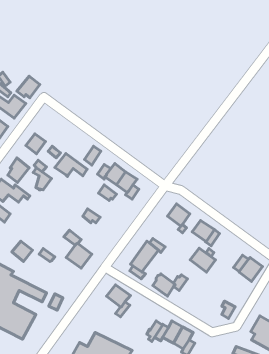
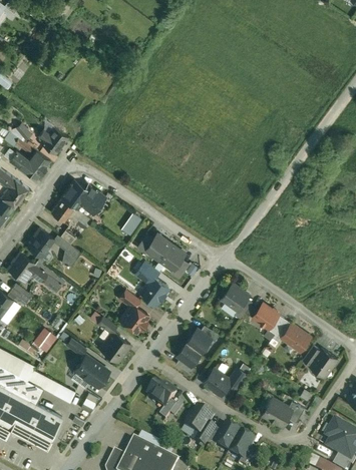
building: [55,154,87,177] -> [61,181,100,209]
building: none -> [141,277,169,305]
building: none -> [121,304,148,333]
building: [190,248,216,272] -> [281,324,312,353]
building: none -> [74,355,108,387]
building: none -> [264,400,293,428]
building: none -> [186,409,214,437]

